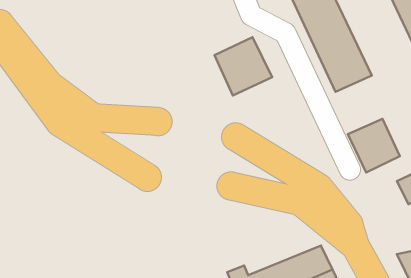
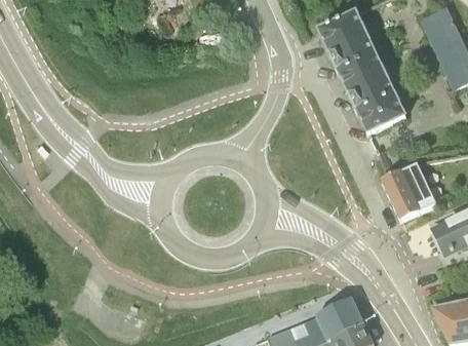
building: [214,37,272,96] -> none

